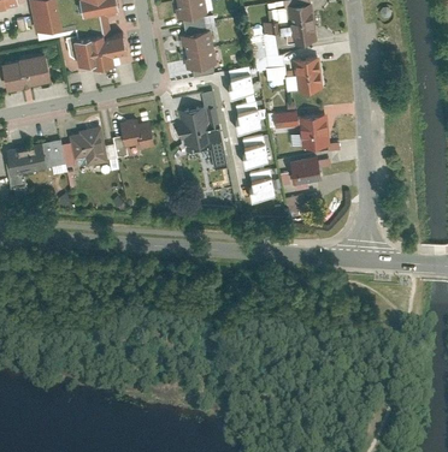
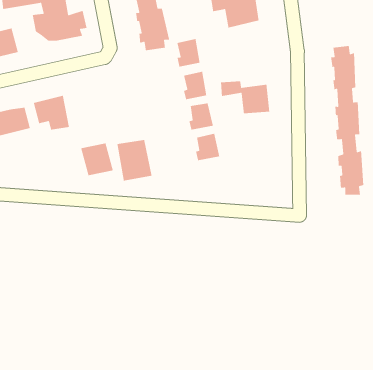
building: [255,56,323,94] -> none
building: none -> [330,45,364,196]
building: [177,108,217,155] -> [117,139,153,182]
building: [119,117,157,154] -> [80,143,114,176]
building: [291,157,324,186] -> none

